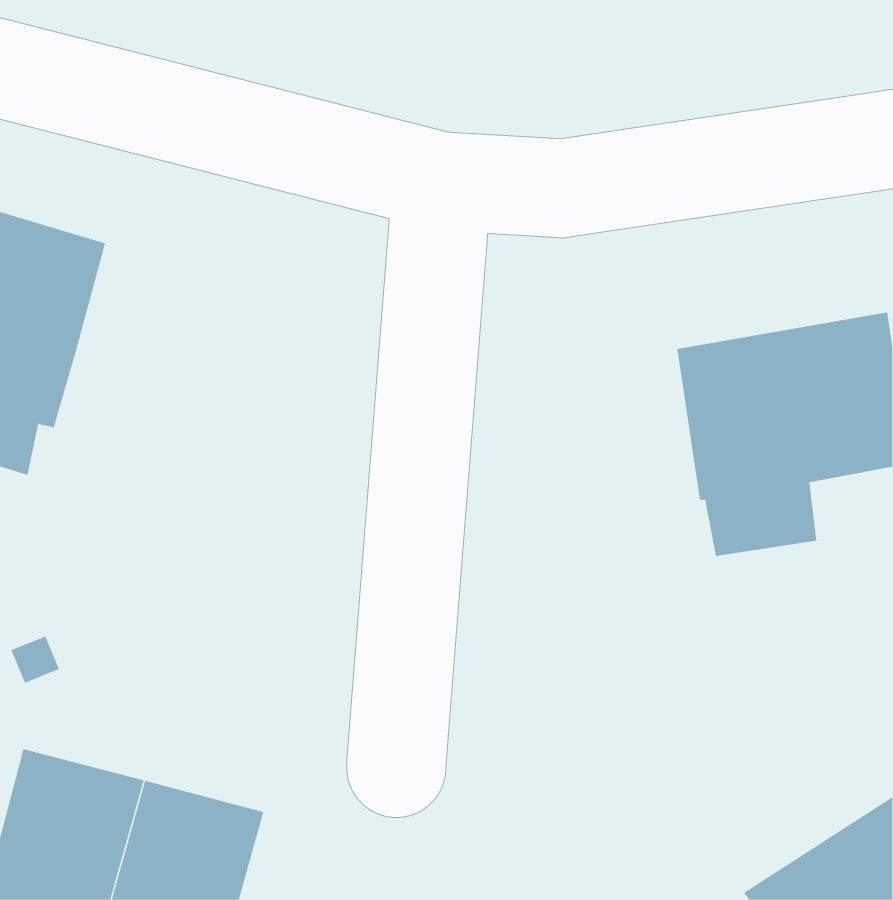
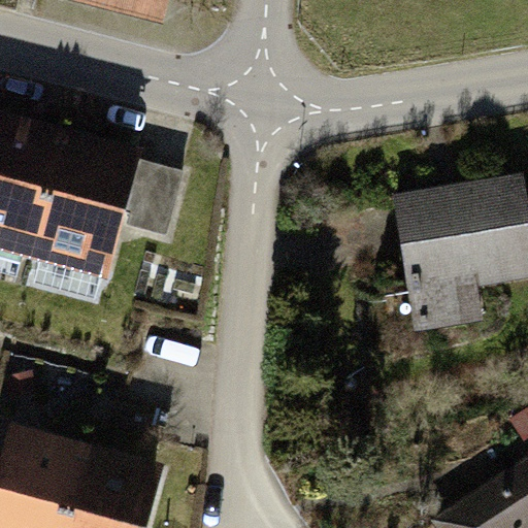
building: none -> [32,142,183,269]

